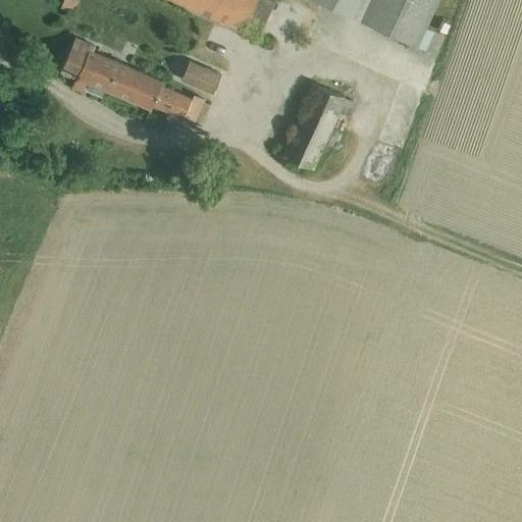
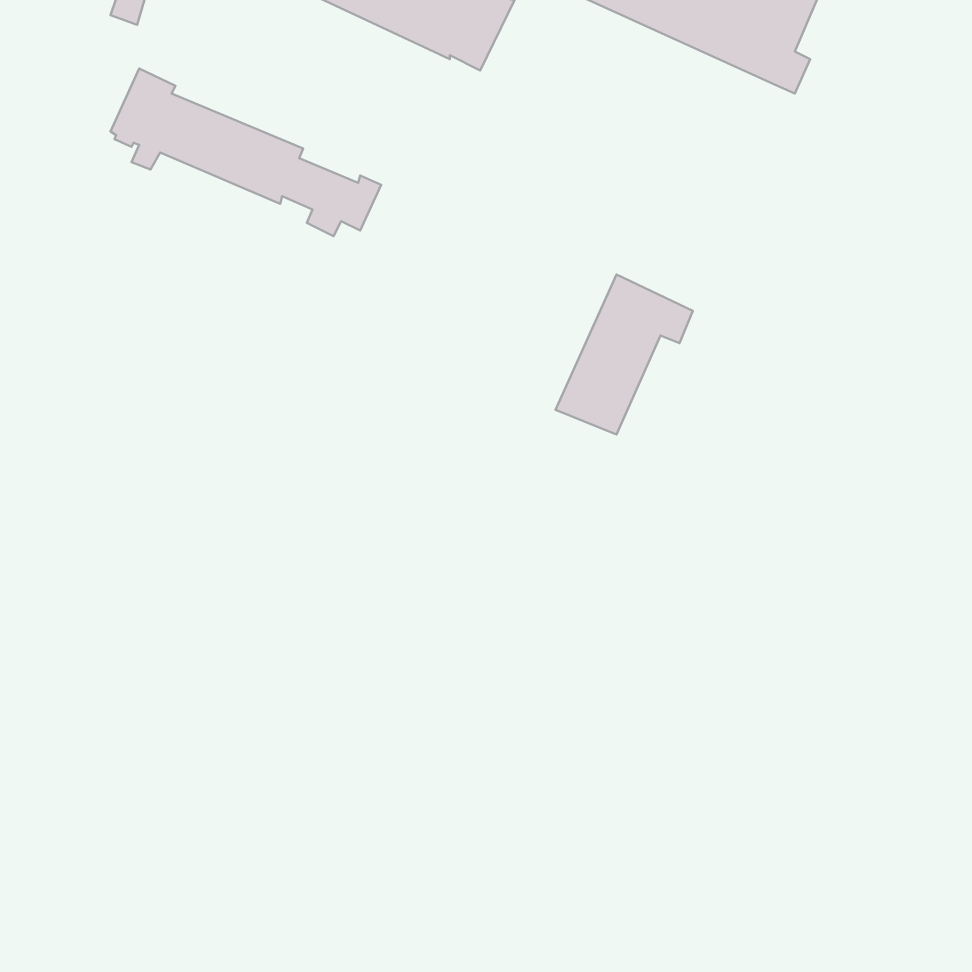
building: [180,61,220,94] -> none
building: [280,82,354,167] -> [556,275,693,435]

